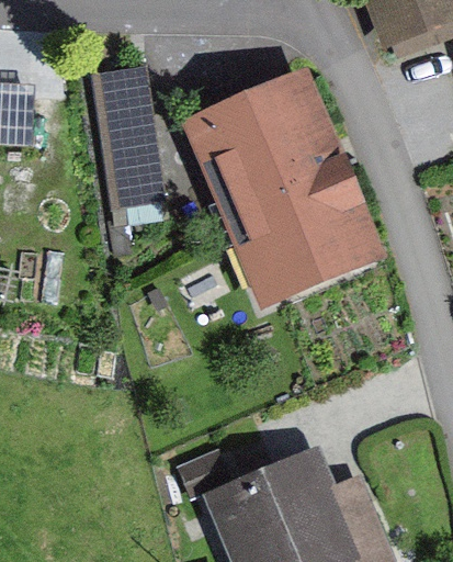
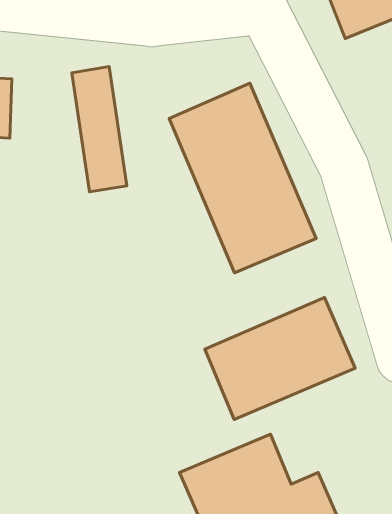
building: none -> [205,297,355,420]

